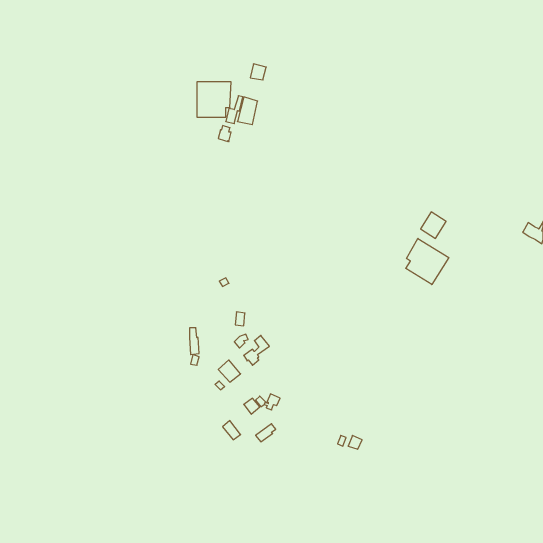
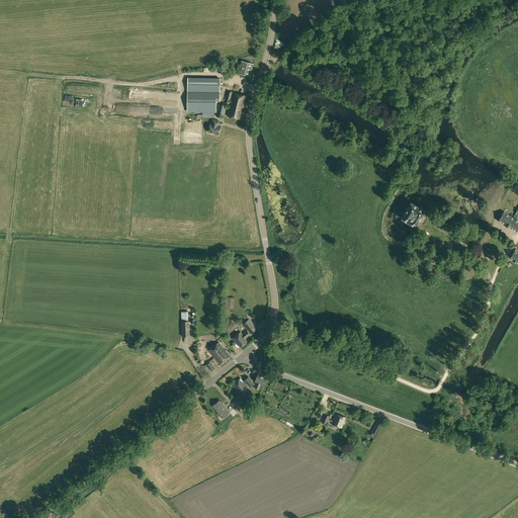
building: [406,238,449,285] -> none

